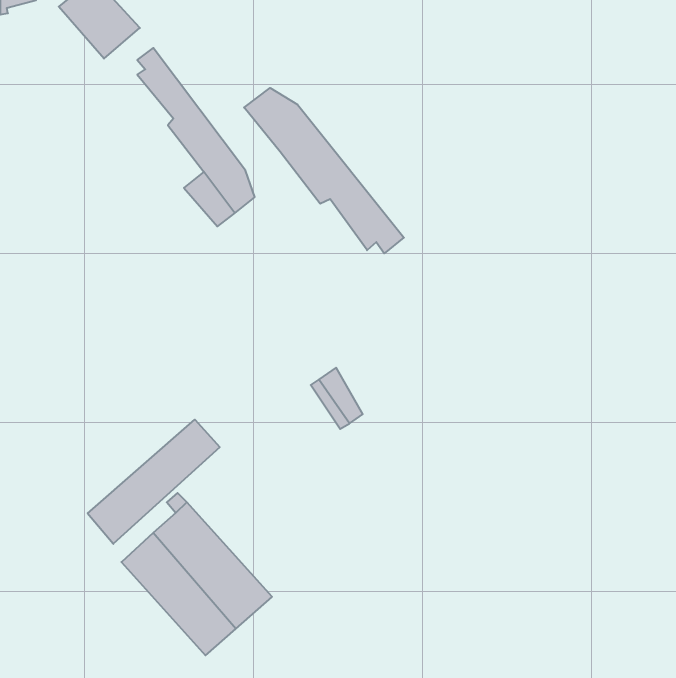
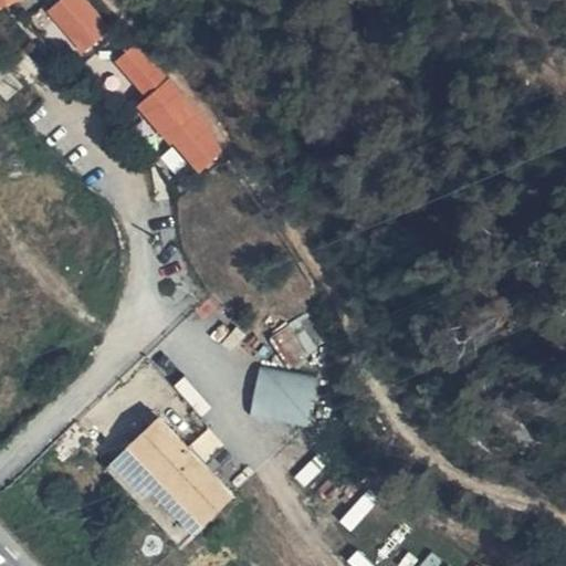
building: [244,88,404,253] -> none
building: [88,420,220,544] -> none
building: none -> [259,363,323,420]

